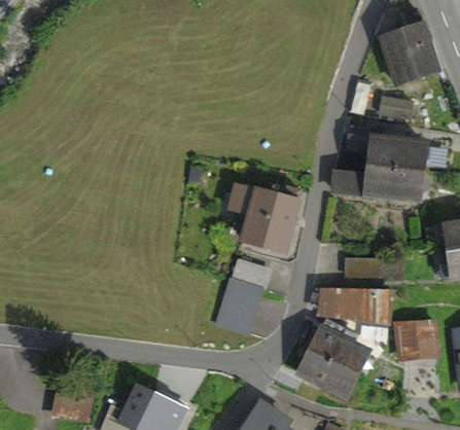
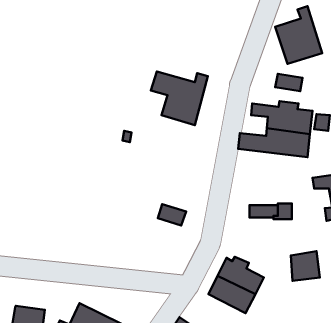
building: [229,184,300,251] -> [151,71,208,125]
building: [218,288,259,333] -> none
building: [324,293,392,321] -> none

